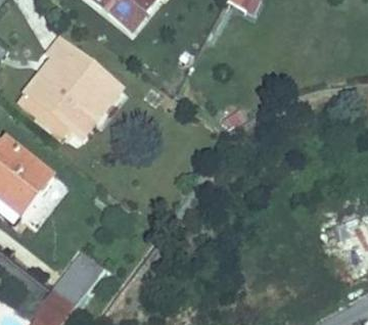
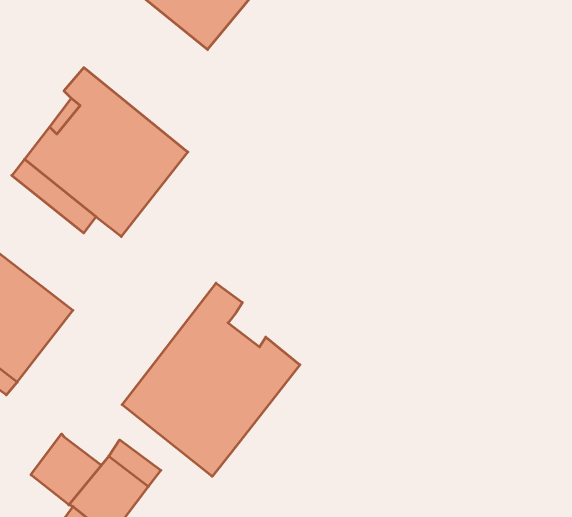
building: none -> [122,283,300,476]
building: none -> [31,434,101,505]

